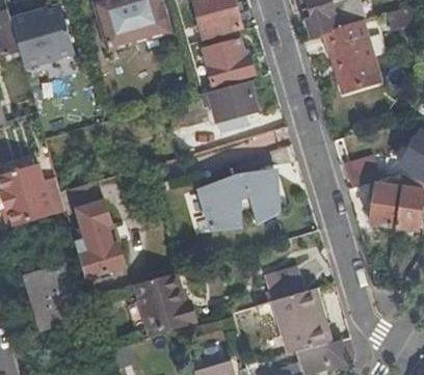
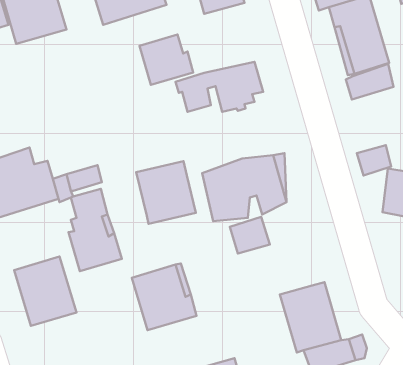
building: [203,39,253,86] -> [140,35,193,85]
building: none -> [346,64,393,100]
building: none -> [136,161,196,224]
building: [266,265,303,299] -> [230,217,270,253]

